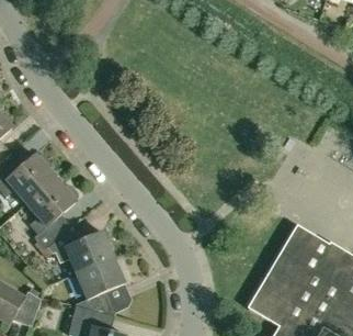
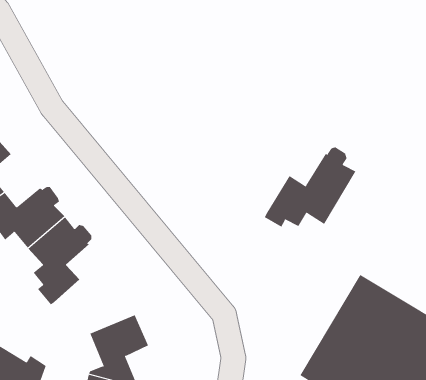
building: none -> [264,147,356,228]
building: [47,226,113,272] -> none

